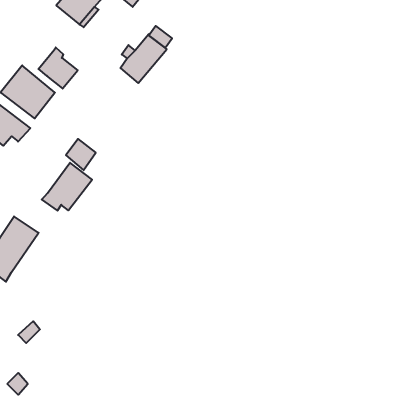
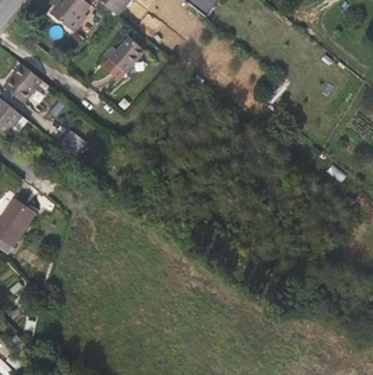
building: [38,47,78,89] -> none
building: [42,163,92,211] -> none

